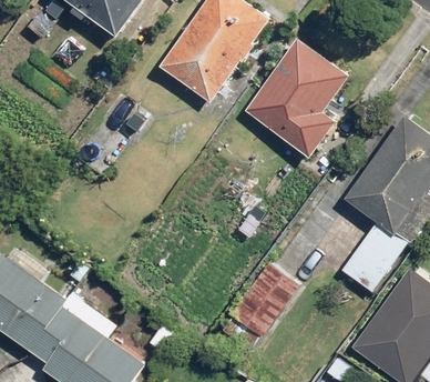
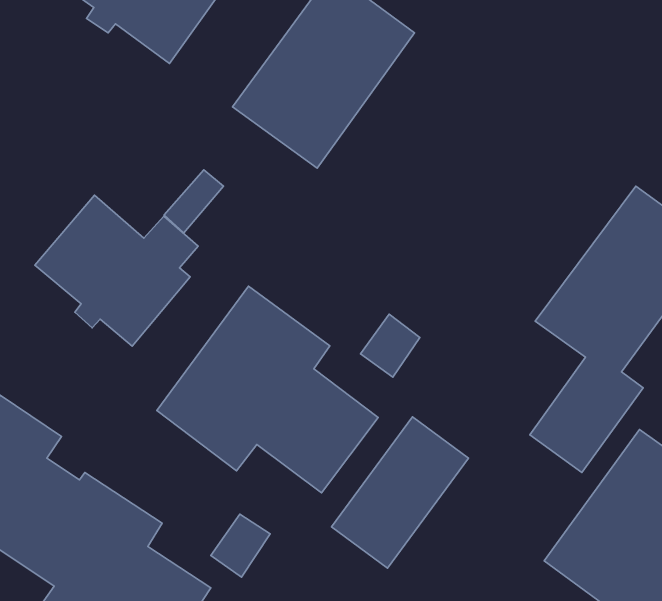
building: [247,39,349,155] -> none
building: none -> [35,195,198,346]
building: none -> [157,286,378,493]

